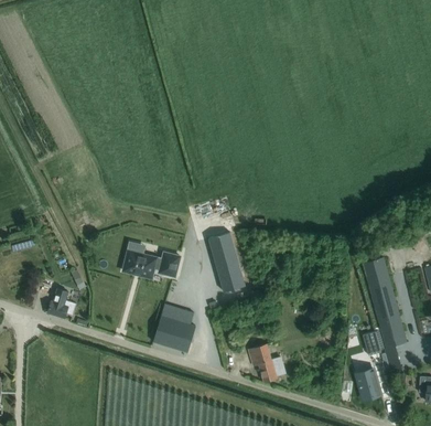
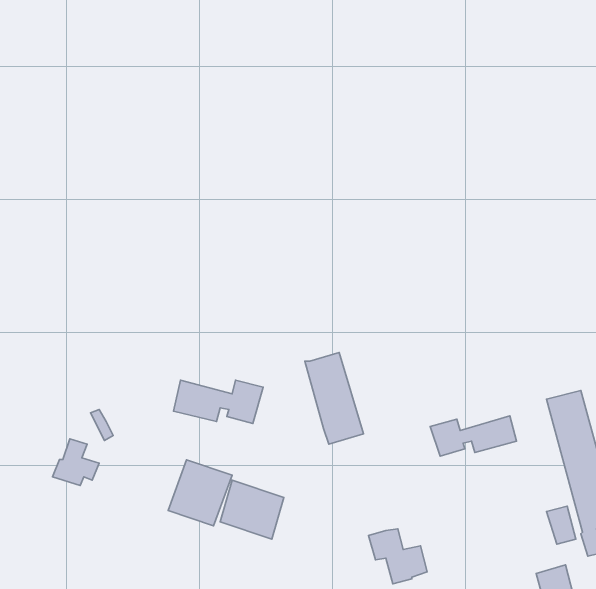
building: none -> [430,416,516,456]
building: none -> [168,460,232,526]

